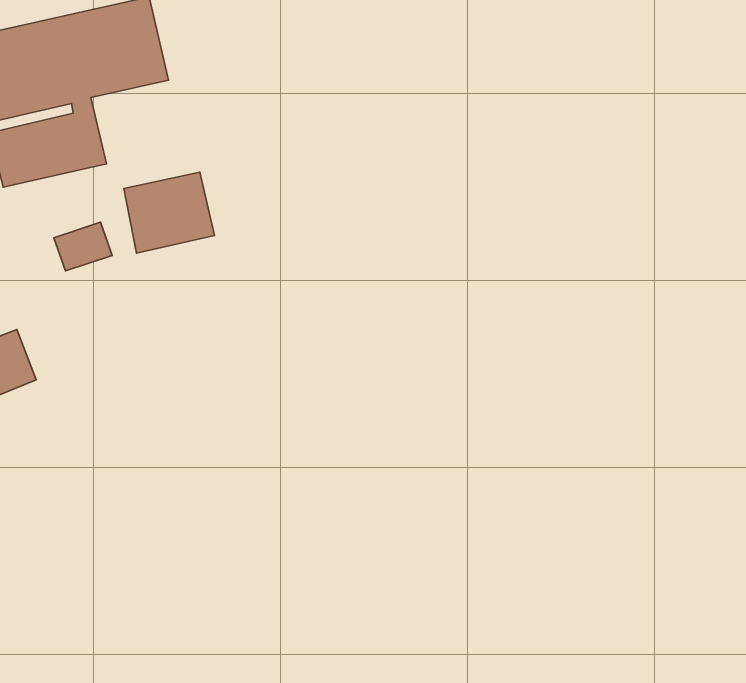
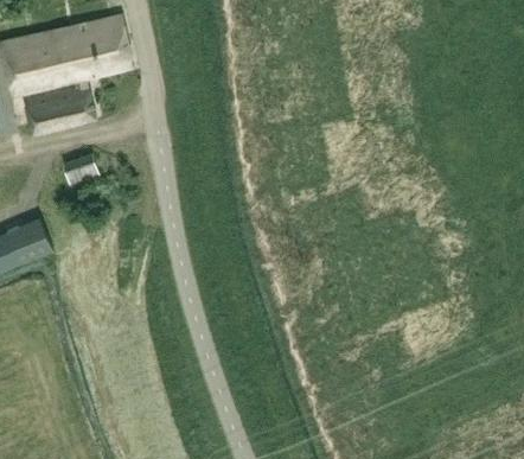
building: [124,172,214,253] -> none

